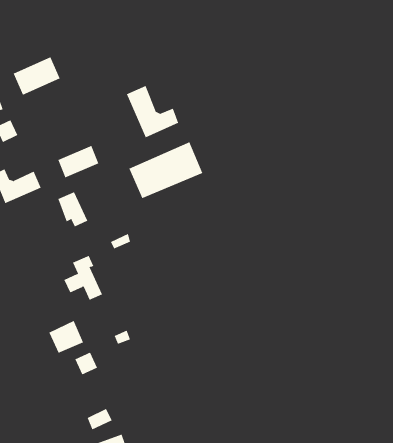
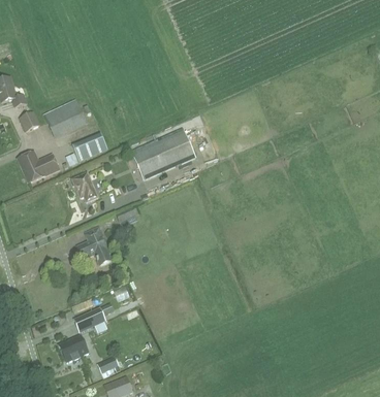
building: [13,56,61,96] -> [43,99,84,132]
building: [126,85,179,138] -> none
building: [48,320,84,353] -> [59,334,89,362]

